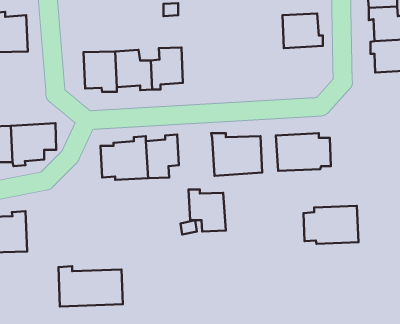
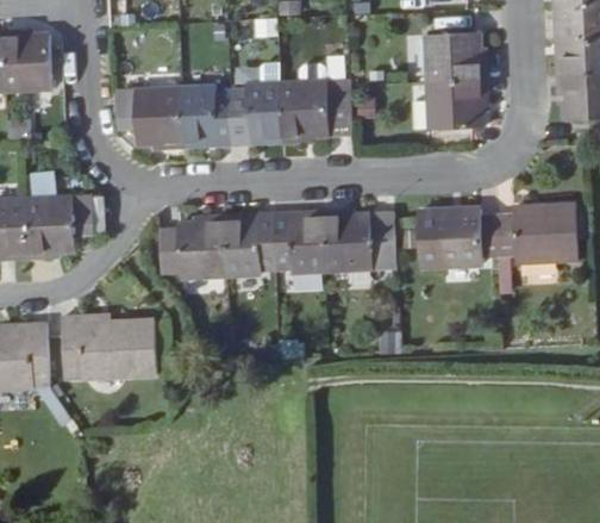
building: none -> [276,80,351,143]
building: none -> [427,81,486,130]
building: [189,189,226,231] -> [270,212,325,274]
building: [304,206,359,244] -> [495,206,576,262]
building: [58,266,123,307] -> [60,318,155,378]

